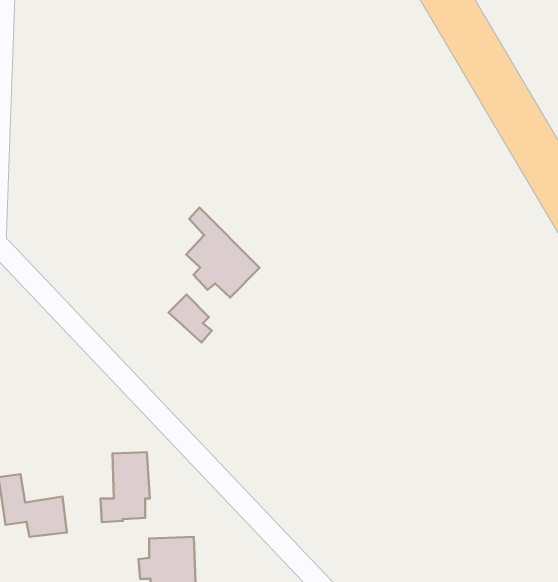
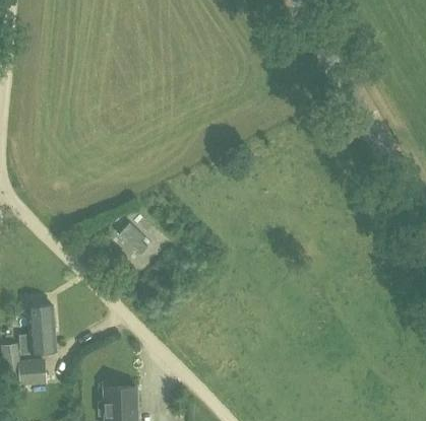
building: [186,208,260,298] -> none
building: [100,452,150,522] -> [20,305,54,353]

